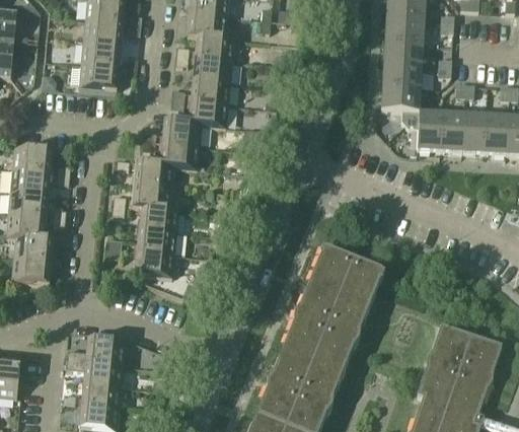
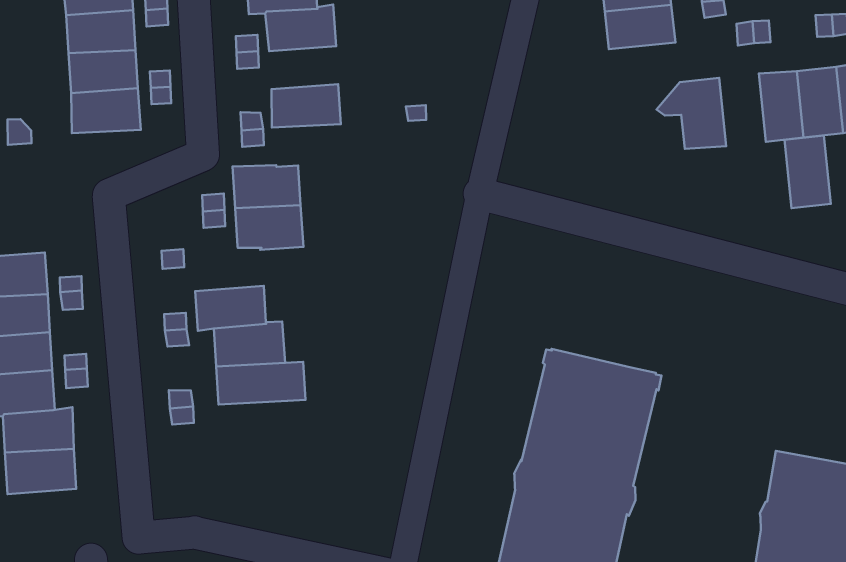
building: [192,57,231,81] -> none
building: [381,85,420,123] -> none
building: [188,99,227,127] -> none
building: [439,111,463,150] -> [784,135,831,208]
building: [132,160,172,187] -> none
building: [133,248,173,276] -> none

